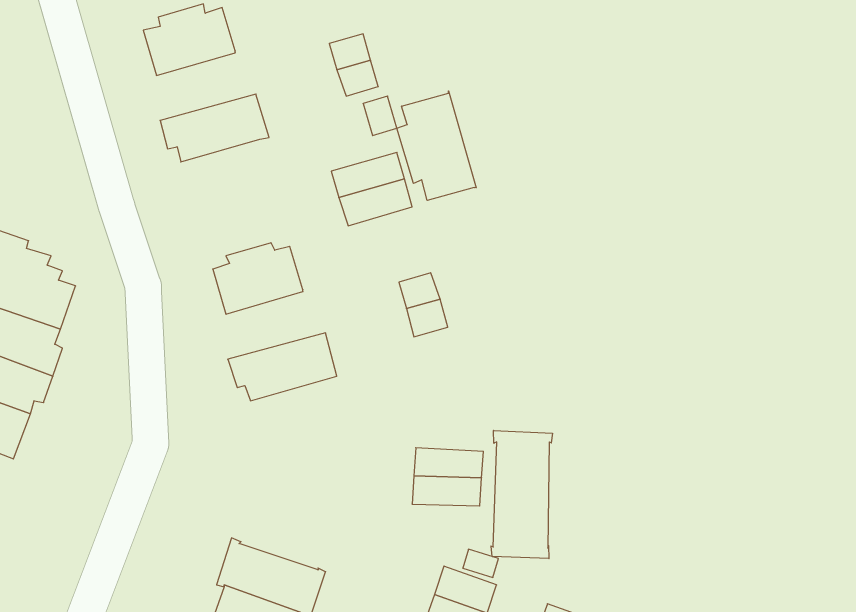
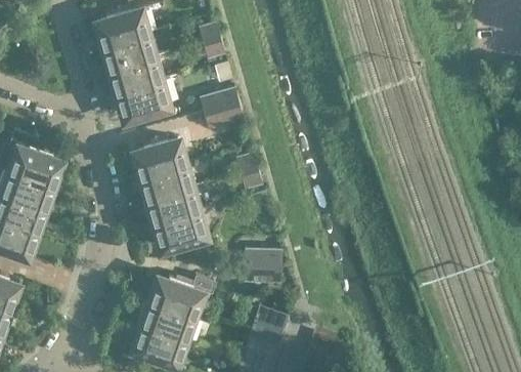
building: none -> [100,31,158,70]
building: [397,91,476,200] -> none
building: none -> [117,80,167,119]
building: none -> [138,161,196,200]
building: none -> [155,209,208,249]
building: [491,430,552,559] -> none
building: none -> [148,275,200,315]

